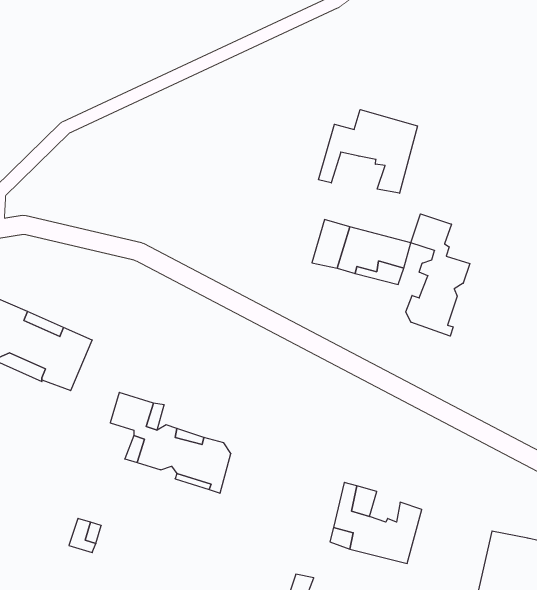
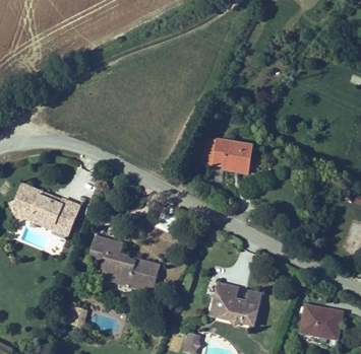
building: [319,110,417,193] -> none
building: [406,214,470,336] -> none

